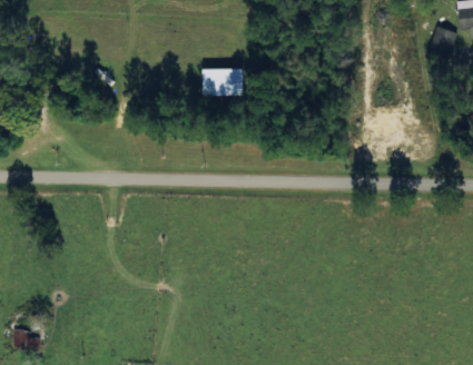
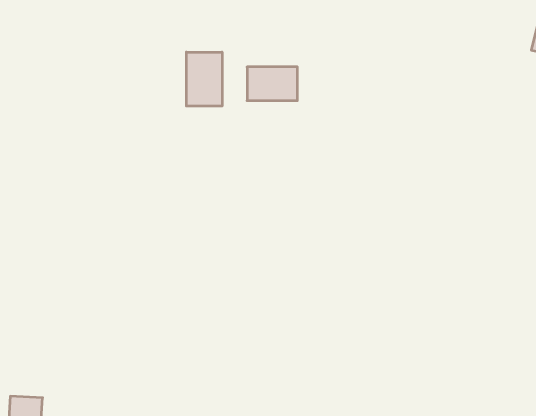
building: none -> [186,52,222,106]

